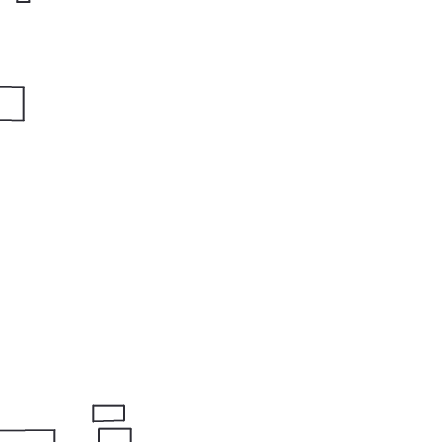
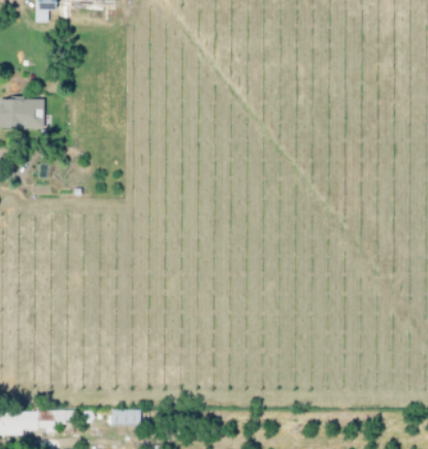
building: [93,405,124,422] -> none

